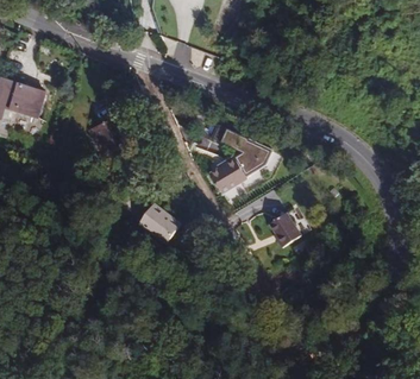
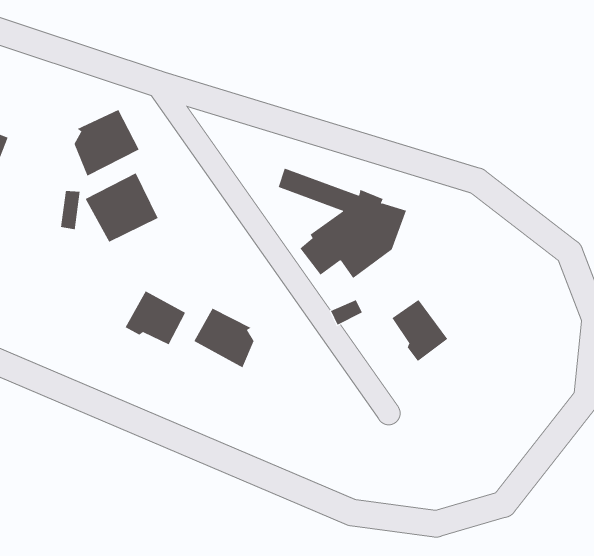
building: none -> [74,109,140,177]
building: none -> [125,290,186,345]

